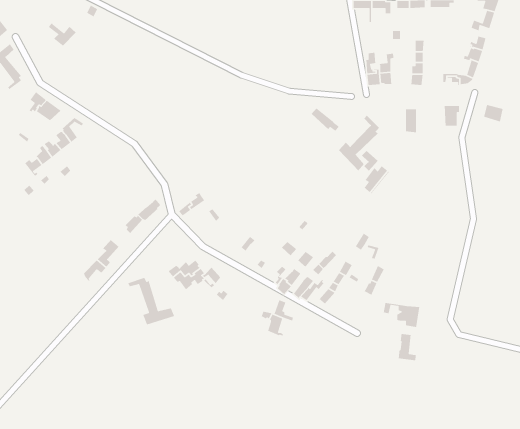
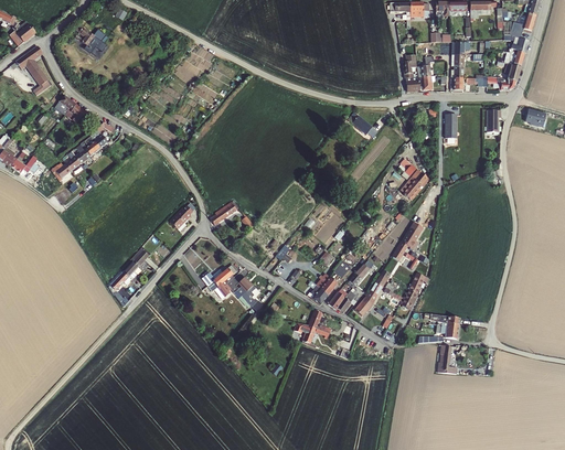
building: [338,115,380,172] -> none
building: [127,277,175,325] -> none

